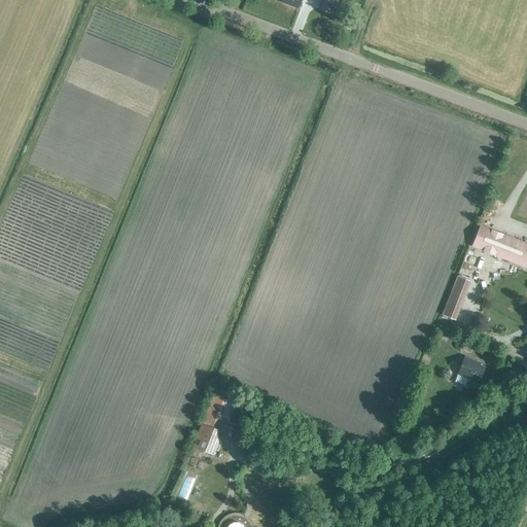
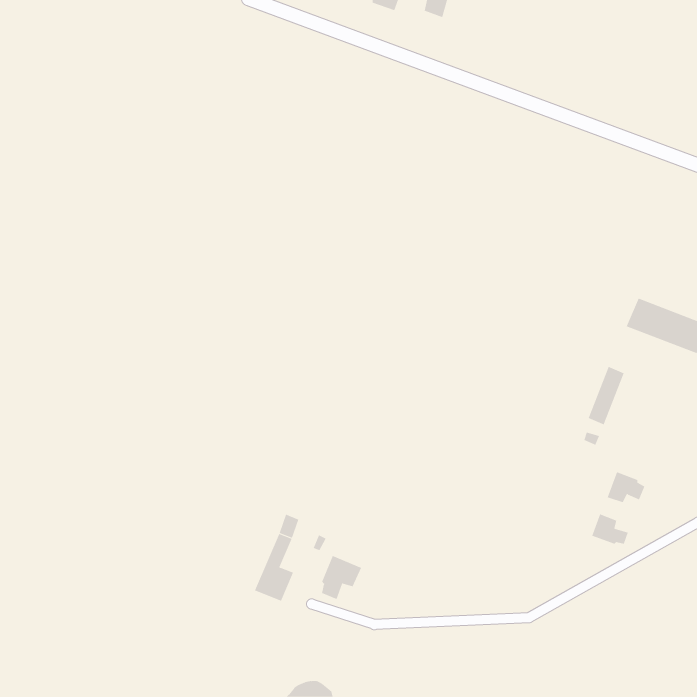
building: none -> [592,514,628,545]
building: none -> [321,555,362,600]

